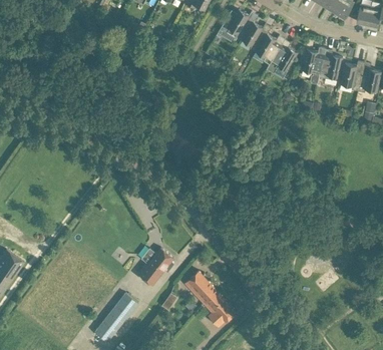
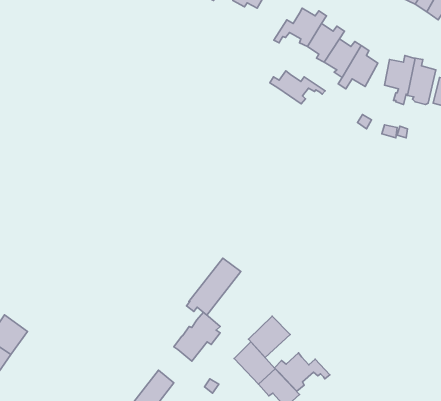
building: none -> [270,71,325,104]
building: none -> [186,258,241,315]
building: none -> [249,316,290,357]
building: none -> [274,353,330,391]

